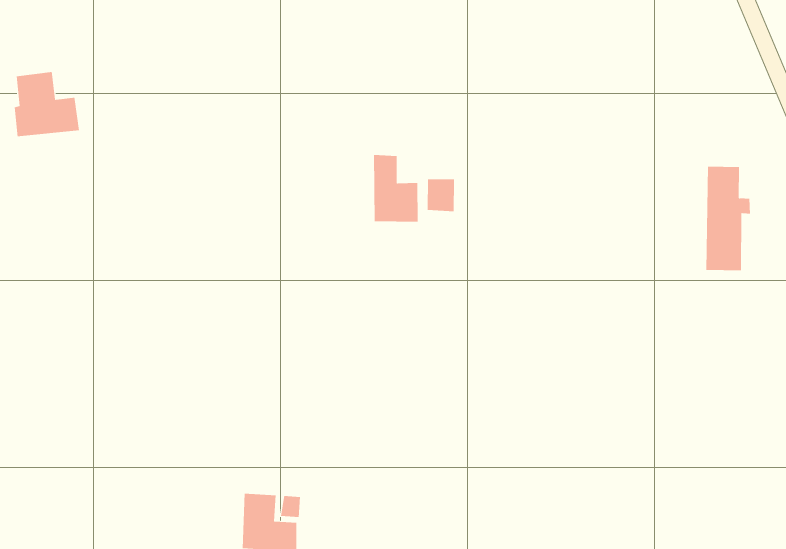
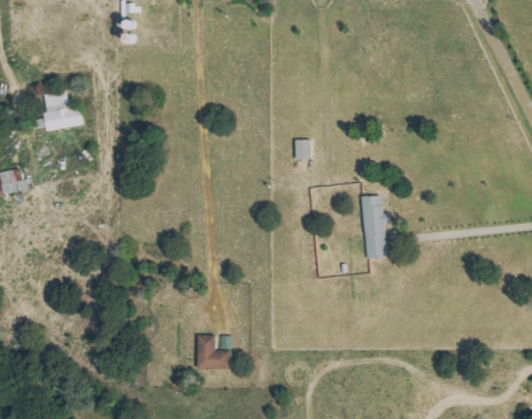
building: [374,154,418,222] -> none
building: [705,166,751,271] -> [362,195,390,259]

